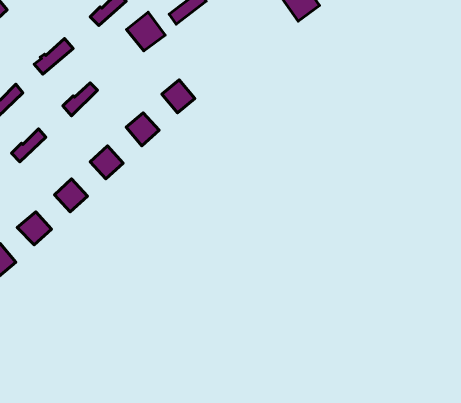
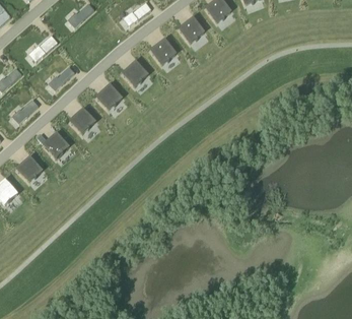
building: none -> [178,15,205,43]
building: [127,12,165,51] -> [149,37,177,64]

